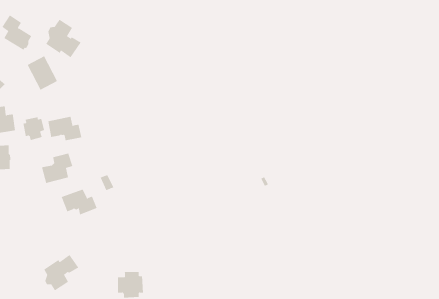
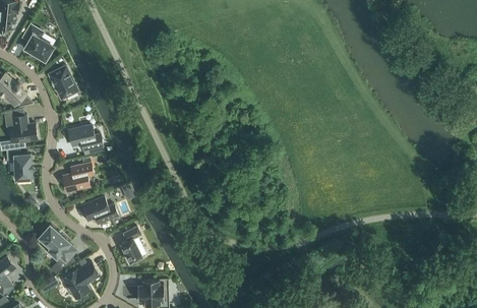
building: [45,19,82,58] -> none
building: [23,116,45,141] -> none
building: none -> [39,225,76,273]
building: none -> [120,227,142,262]

